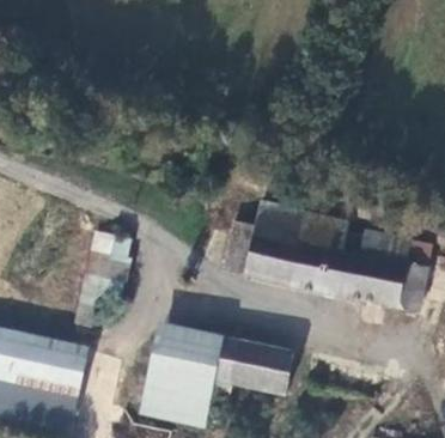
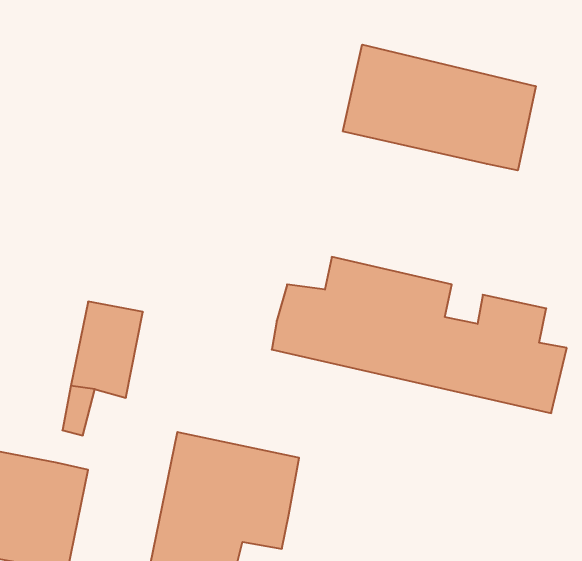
building: none -> [343,45,536,170]
building: [234,342,295,390] -> none

